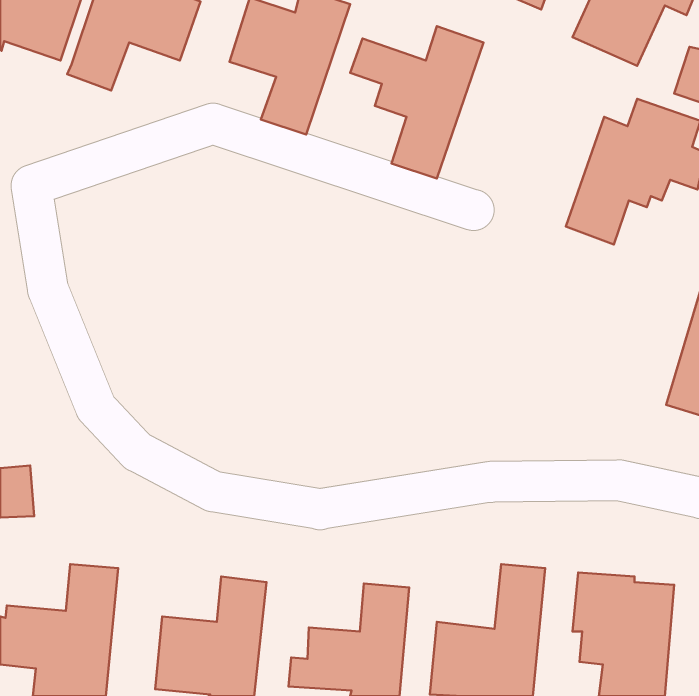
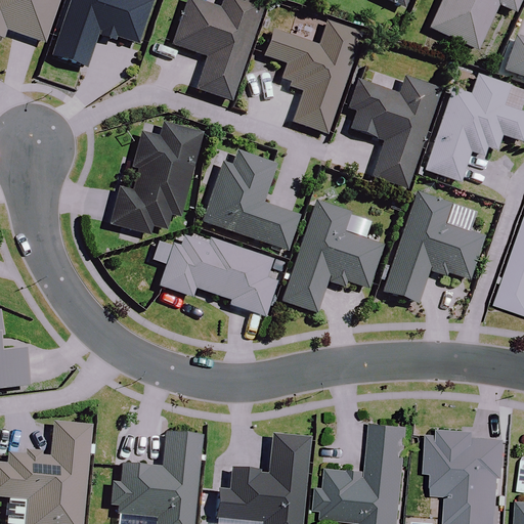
building: none -> [345,77,438,189]
building: none -> [112,121,203,233]
building: none -> [203,151,297,251]
building: none -> [384,193,483,302]
building: none -> [282,200,384,313]
building: none -> [145,232,275,315]

